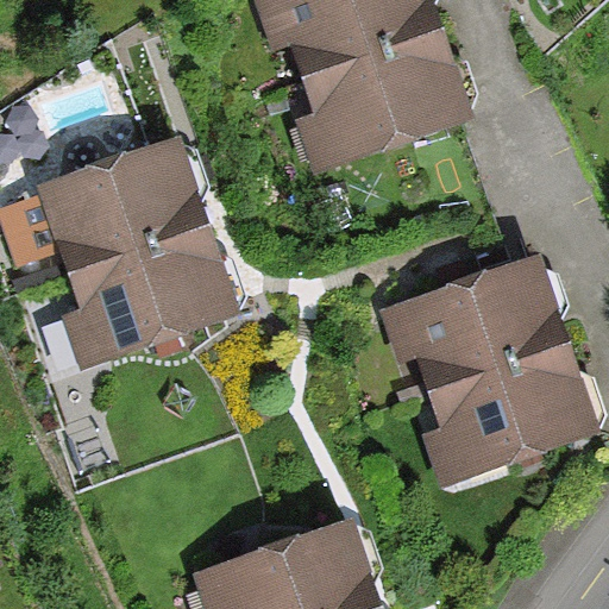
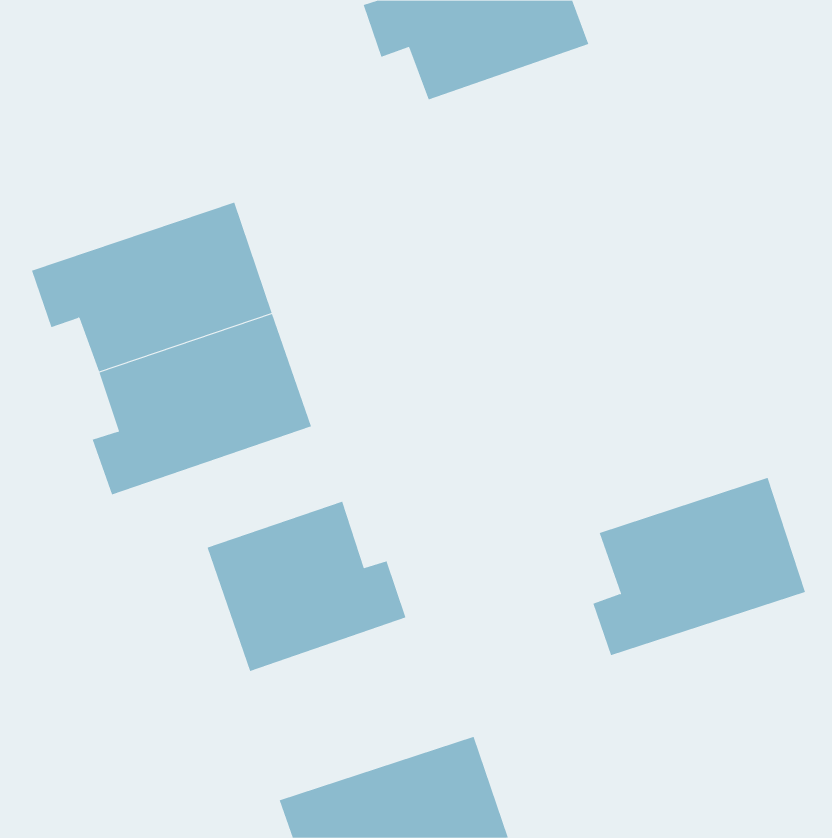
building: [302,32,456,159] -> none
building: [387,266,557,387] -> none
building: none -> [207,501,406,672]

